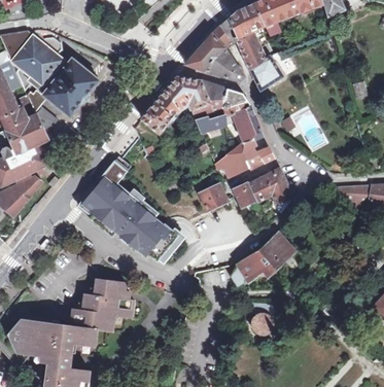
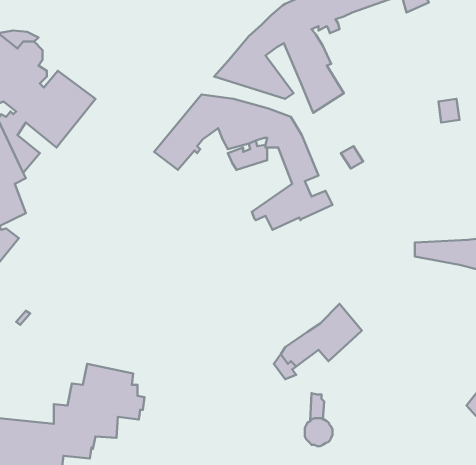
building: [81,163,180,263] -> none
building: [235,171,292,213] -> none
building: [199,186,226,211] -> none

